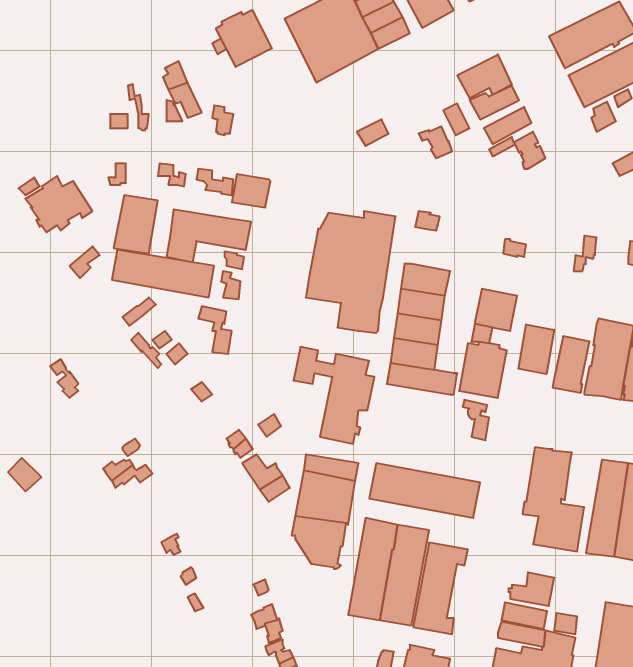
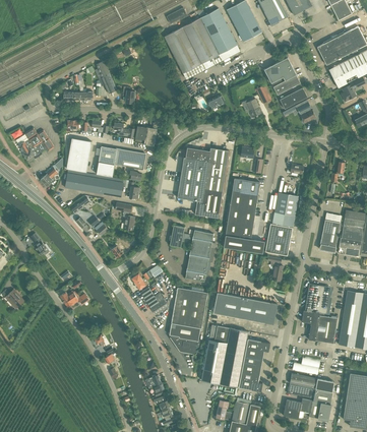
building: [216,10,272,67] -> none
building: [518,324,554,374] -> none

